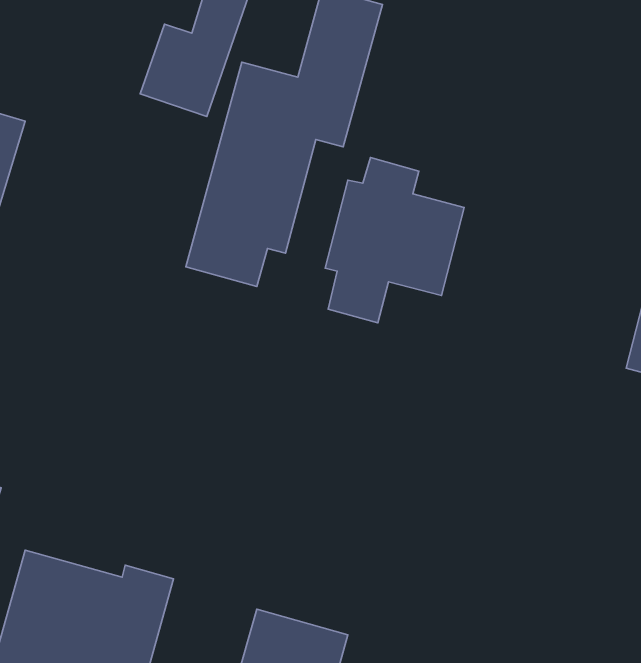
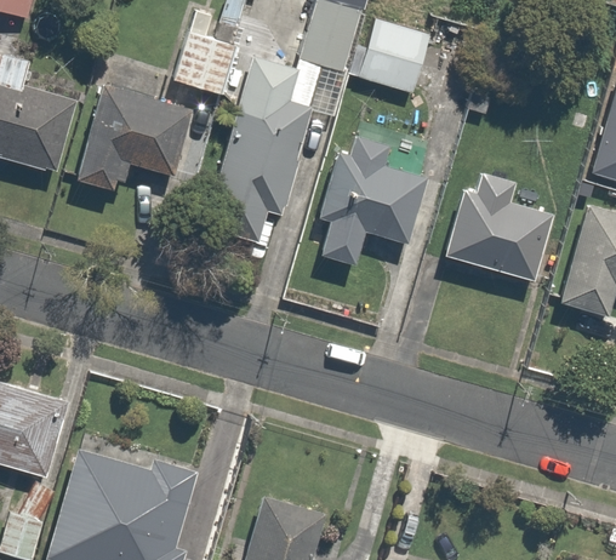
building: none -> [357,17,434,95]
building: none -> [68,85,195,202]
building: none -> [445,177,553,281]

